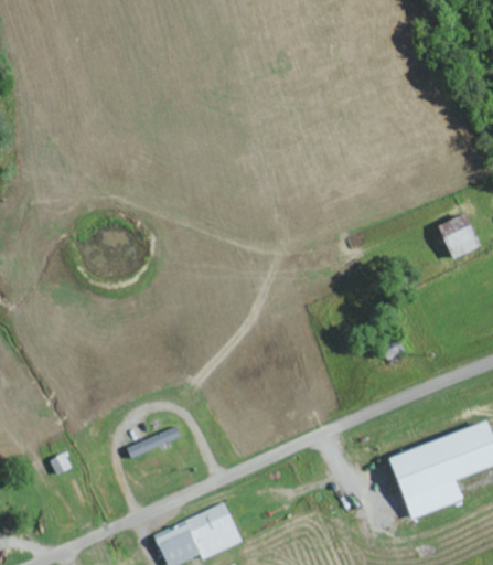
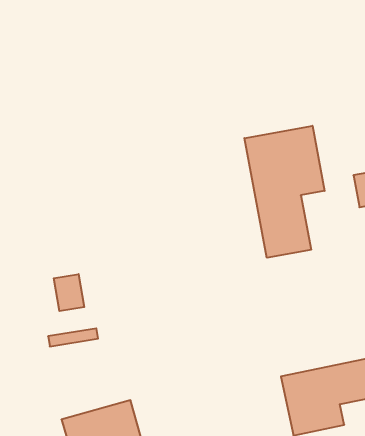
building: none -> [244,126,325,258]
building: none -> [54,274,84,311]

